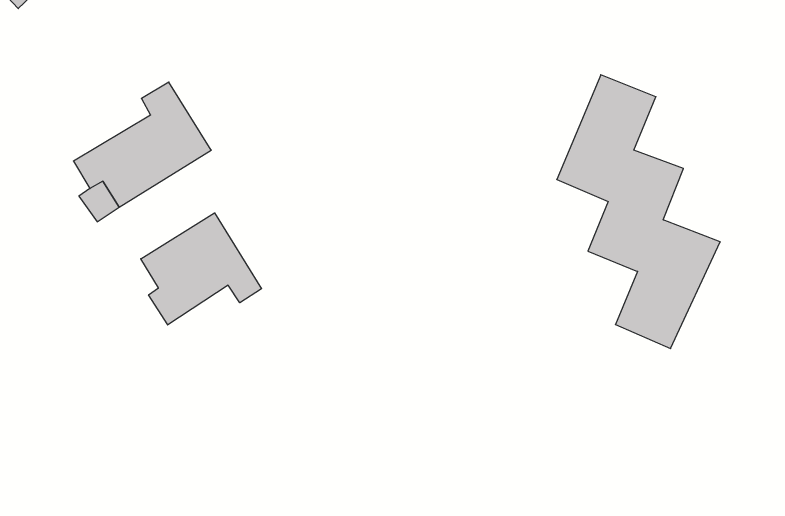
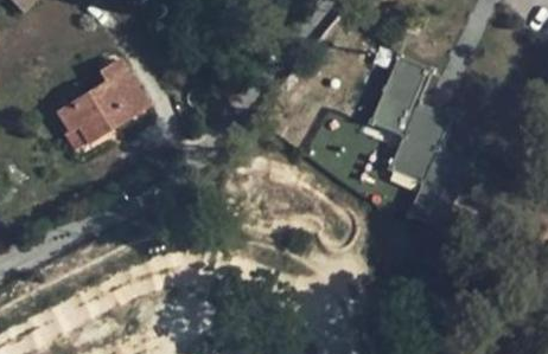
building: [141,213,262,325] -> none

